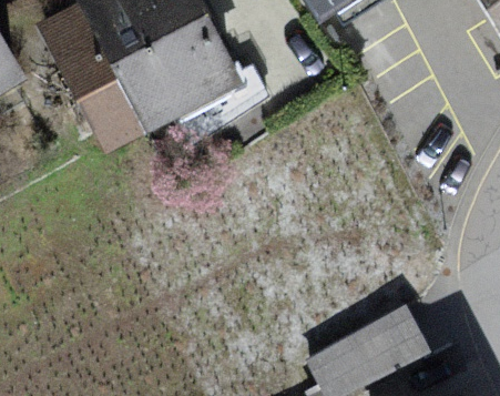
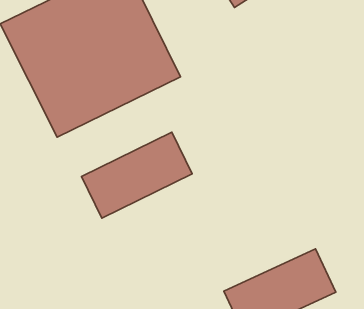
building: none -> [81,132,192,218]

